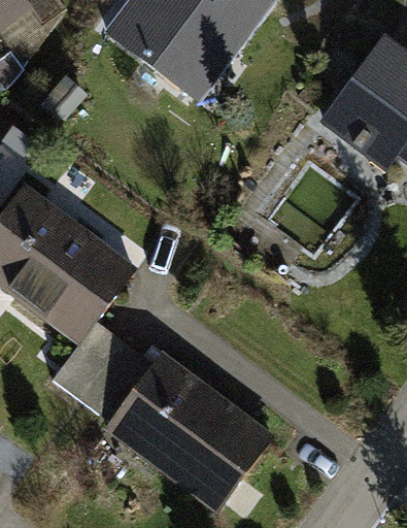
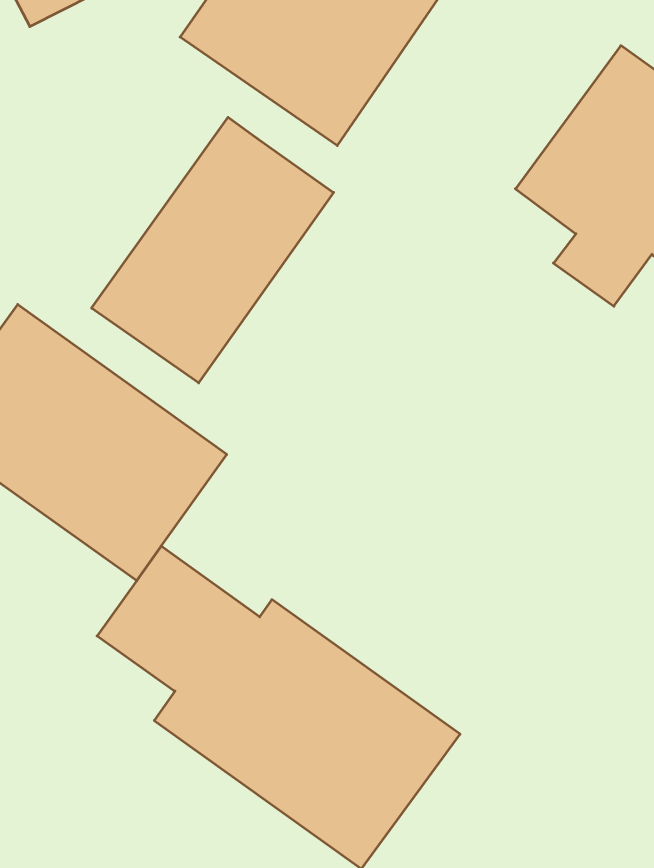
building: none -> [92,117,334,383]

